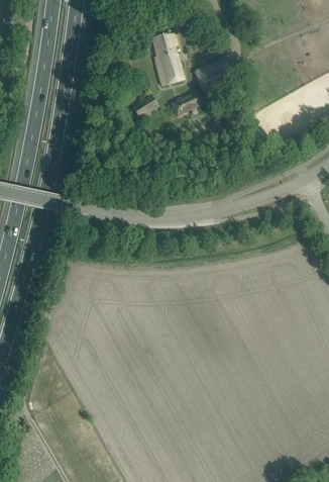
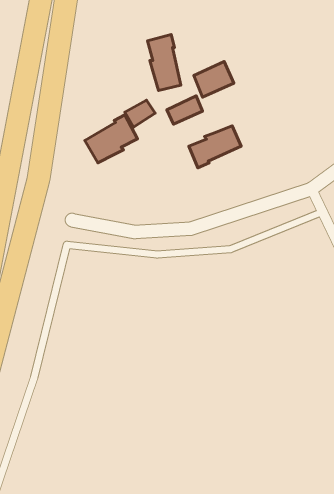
building: none -> [85,115,138,163]
building: none -> [189,126,241,168]

